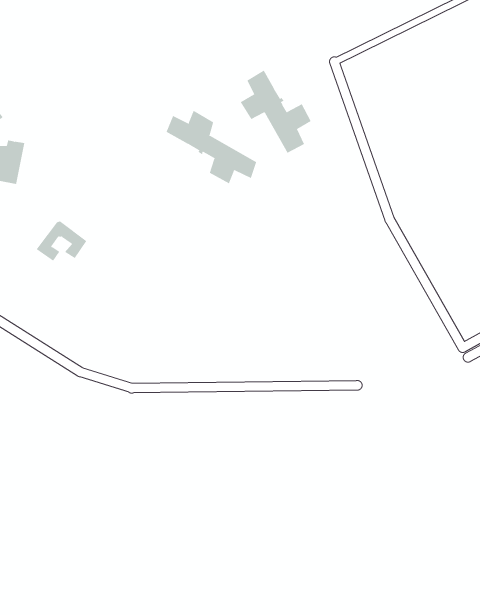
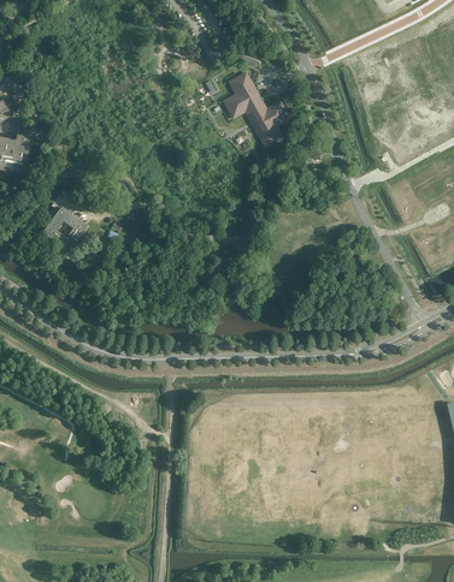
building: [166,110,257,184] -> none

